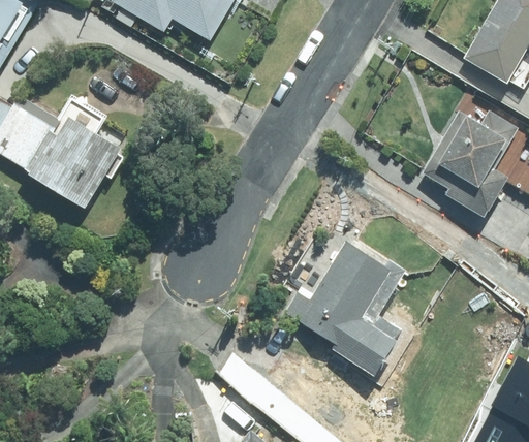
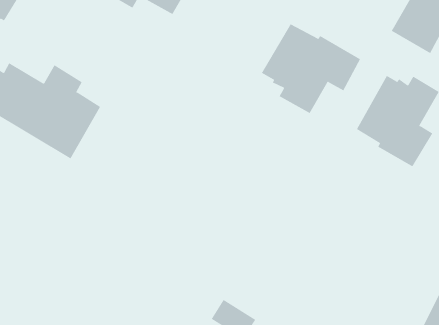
building: none -> [261,23,361,114]
building: [281,240,406,376] -> none

